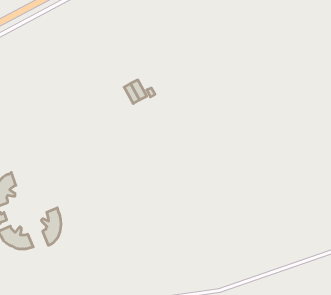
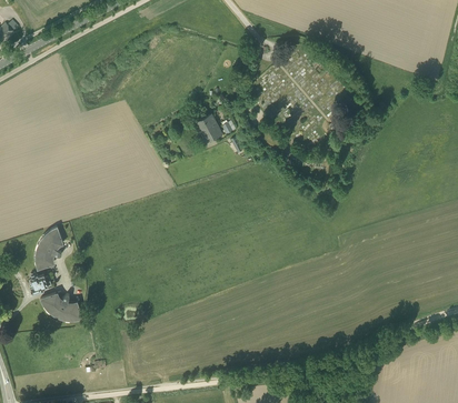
building: [41,208,61,245] -> none

